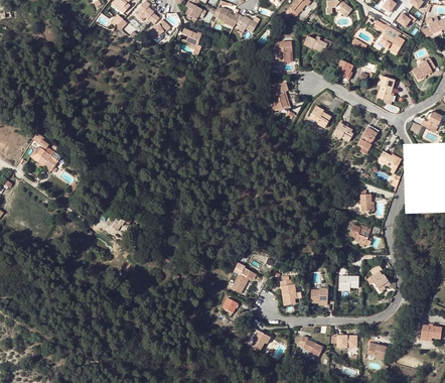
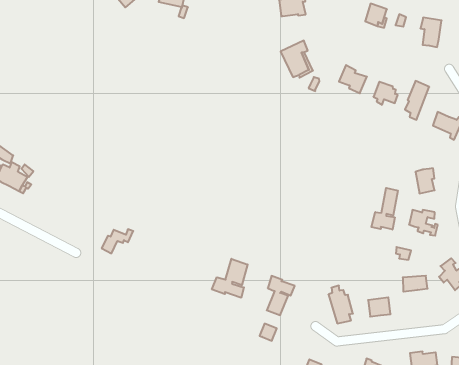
building: none -> [371,188,398,230]
building: none -> [212,259,248,298]

